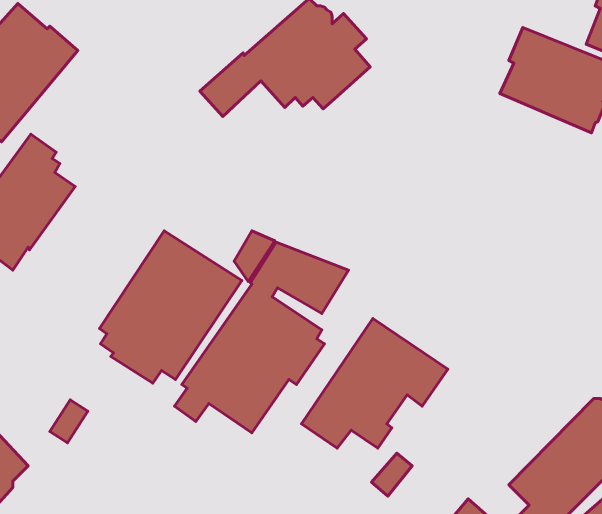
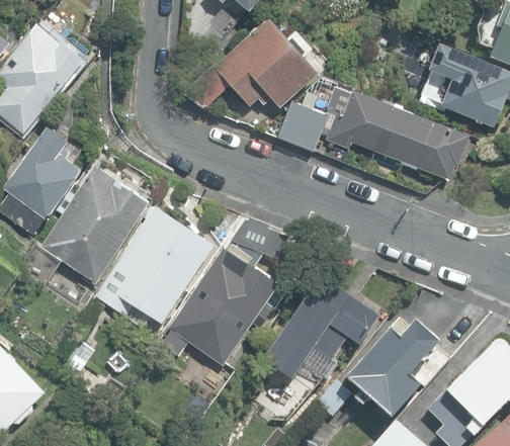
building: none -> [275,77,469,179]
building: none -> [31,165,150,284]
building: none -> [346,318,449,415]

